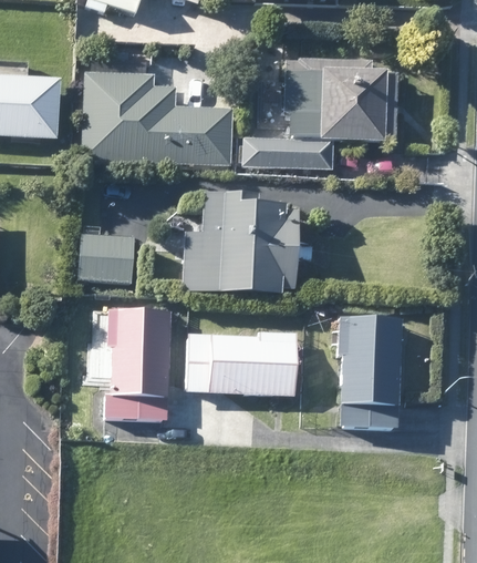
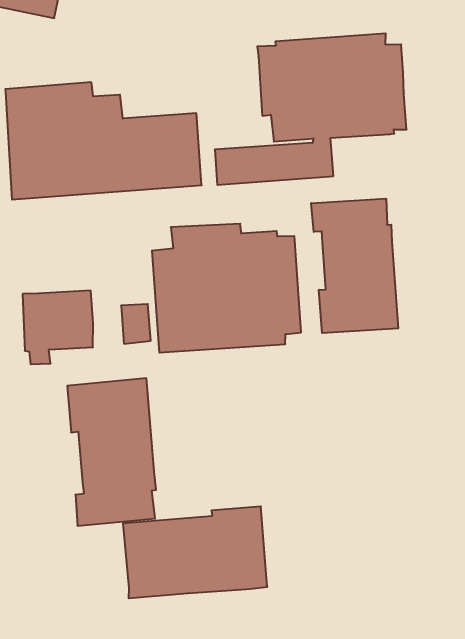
building: none -> [311,199,398,333]
building: [338,317,401,428] -> none
building: [187,330,298,395] -> [123,506,267,598]

